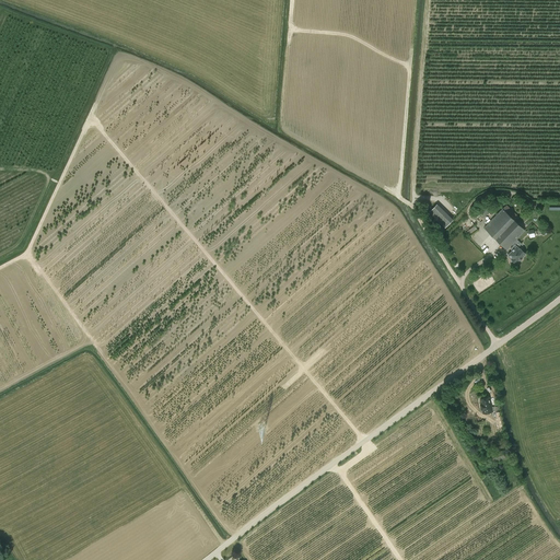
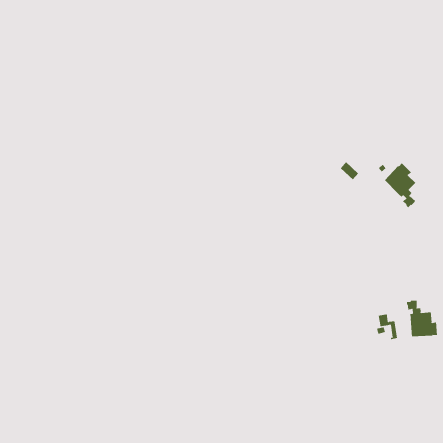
building: none -> [406,300,437,337]

